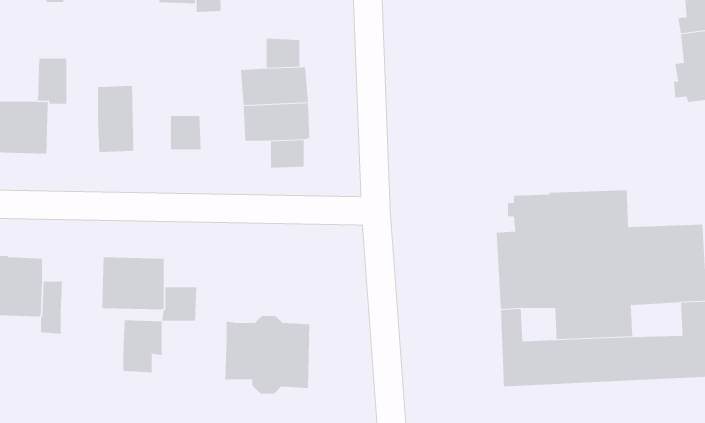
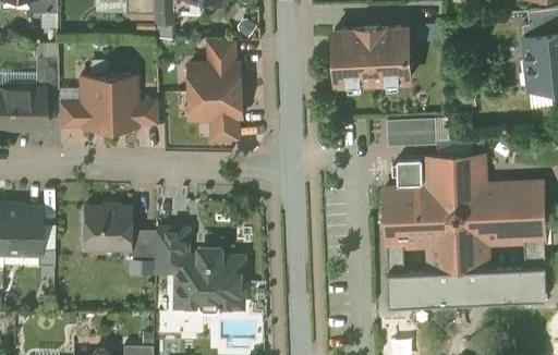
building: none -> [333,28,410,84]
building: none -> [107,76,135,128]
building: none -> [58,102,81,128]
building: none -> [386,119,437,147]
building: [122,320,162,373] -> [155,231,185,271]

